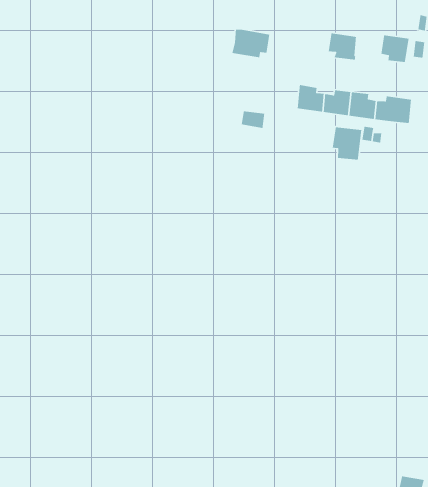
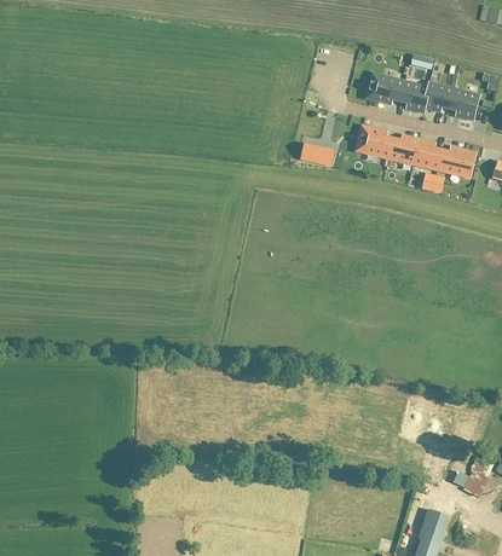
building: [231,29,270,58] -> [367,74,405,104]
building: none -> [426,83,455,110]
building: [332,127,362,161] -> none

